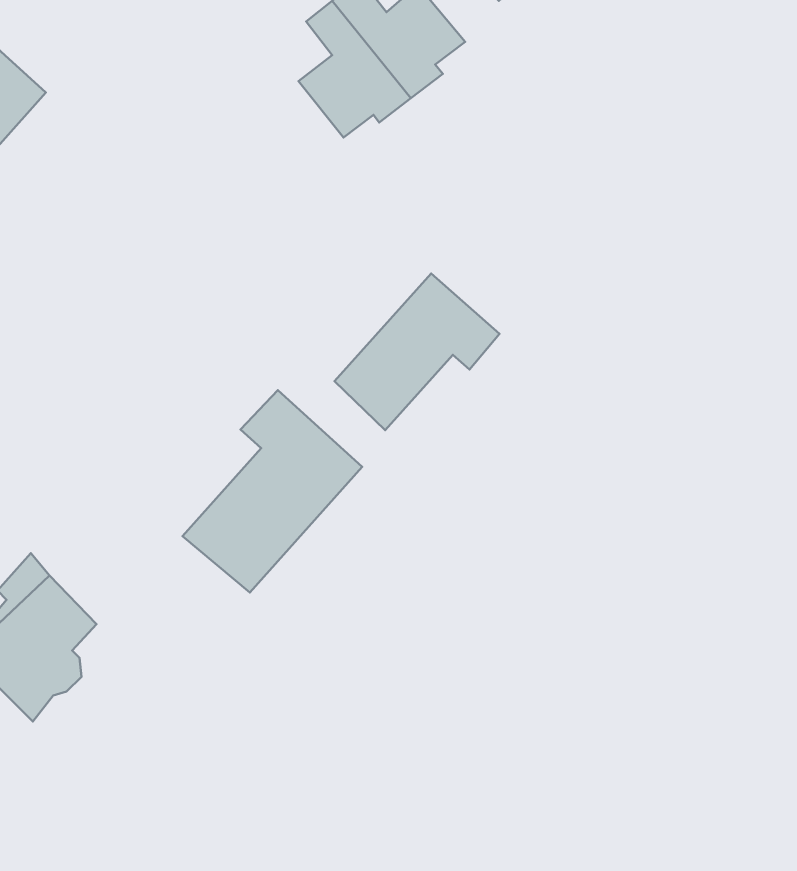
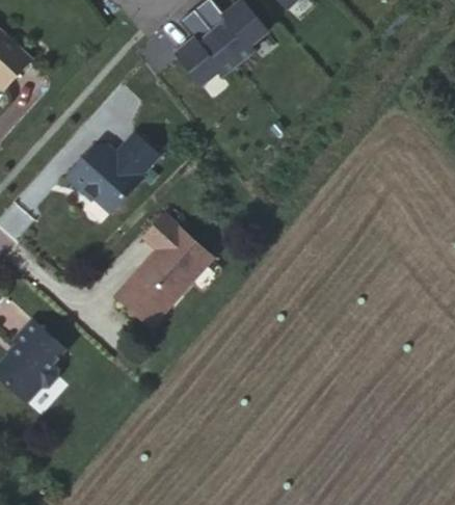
building: none -> [66,136,157,211]
building: [335,274,500,430] -> none

